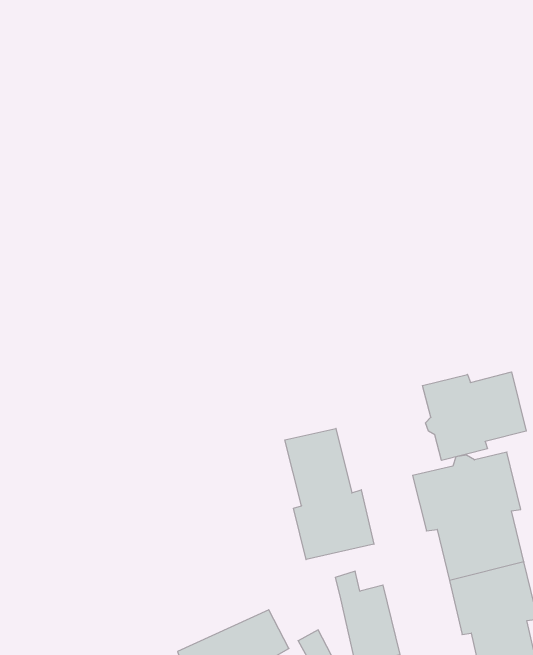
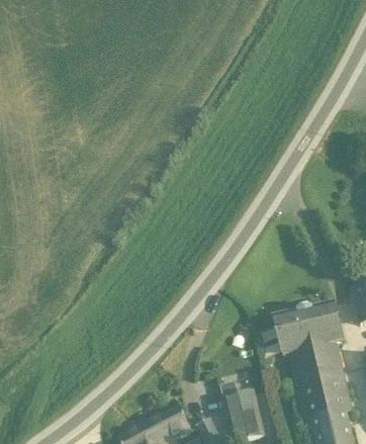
building: [422,372,526,460] -> none
building: [285,428,374,560] -> none

